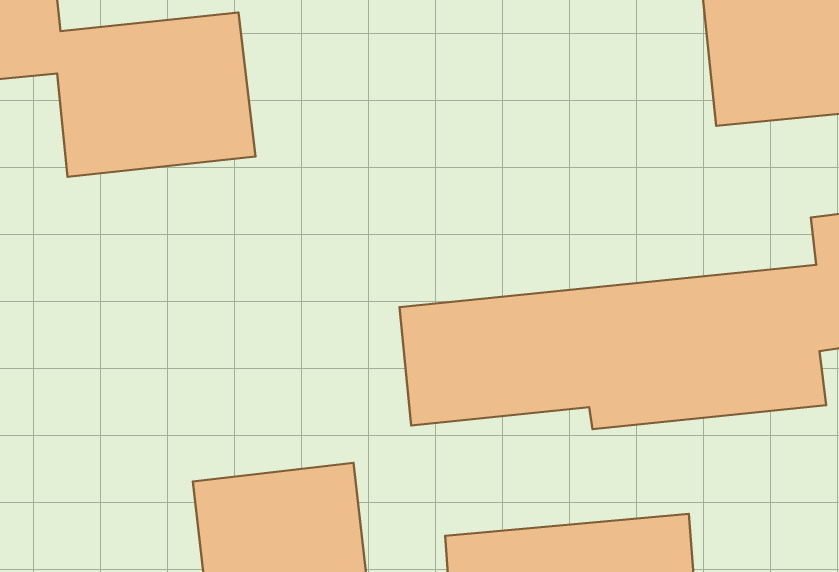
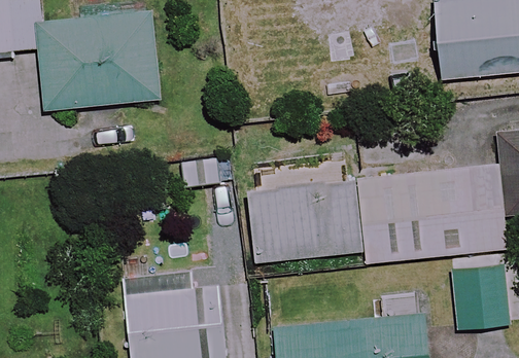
building: none -> [448,270,509,330]

